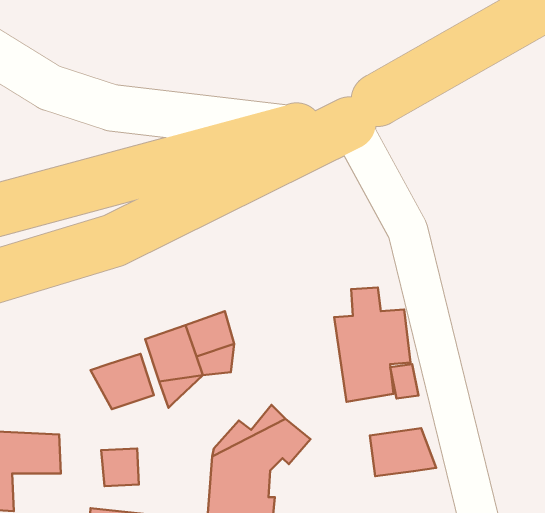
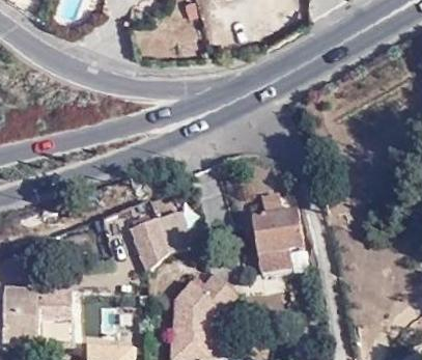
building: [90,354,154,409] -> none
building: [370,428,436,476] -> none

